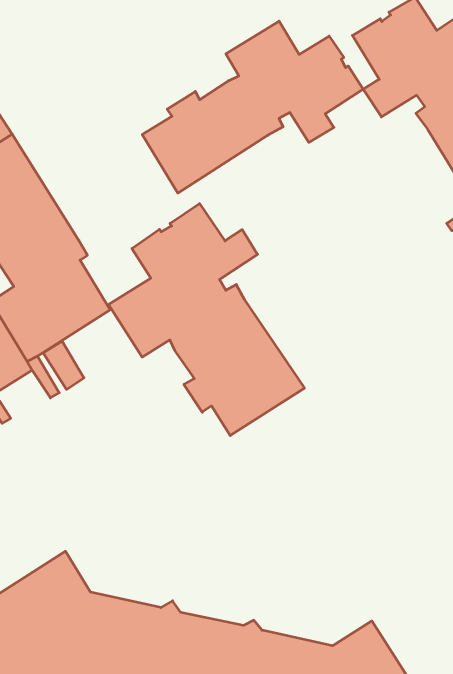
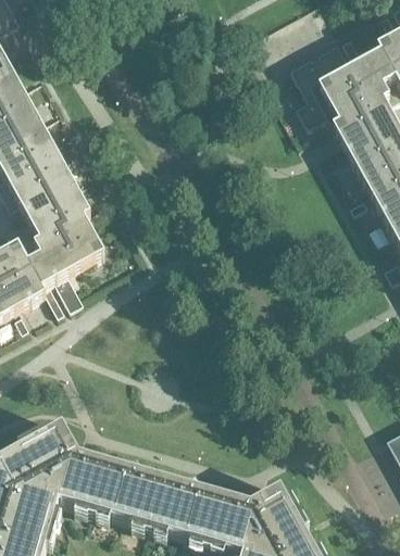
building: [142,21,363,193] -> none
building: [108,204,304,436] -> none

